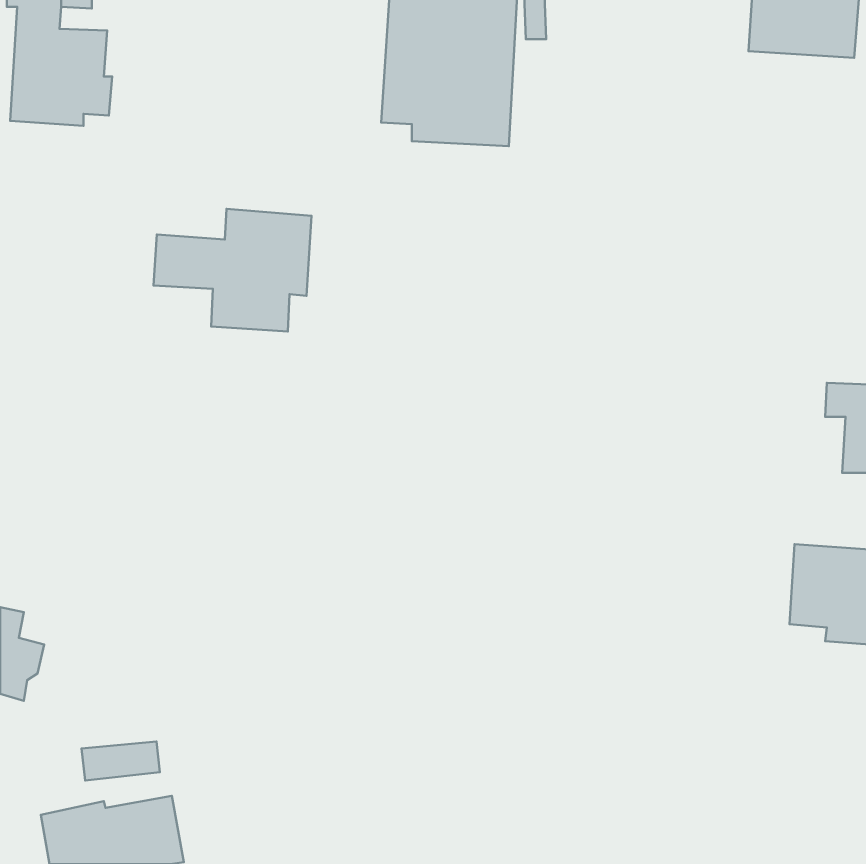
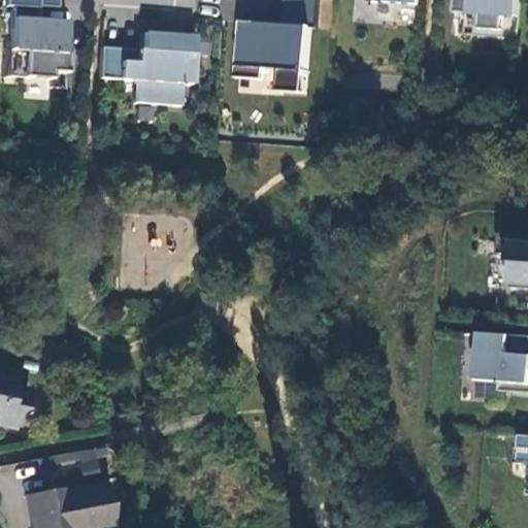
building: [153,209,312,331] -> [99,30,195,104]

